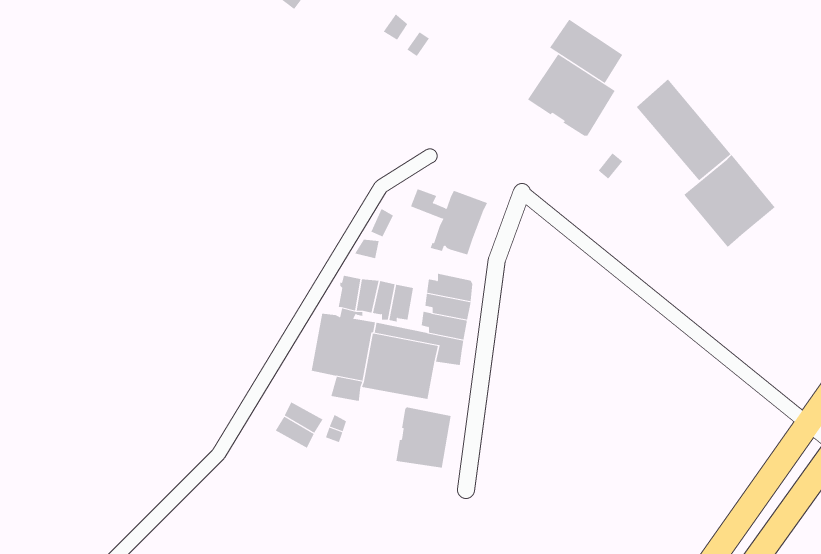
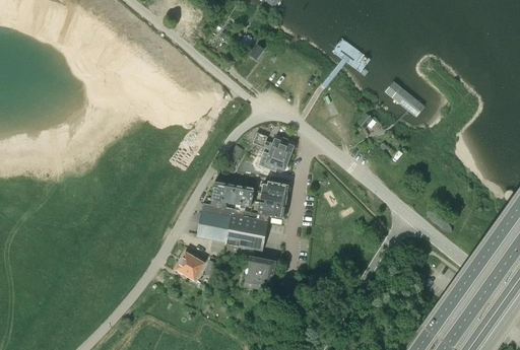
building: [527,54,615,137] -> none
building: [684,154,775,248] -> none

